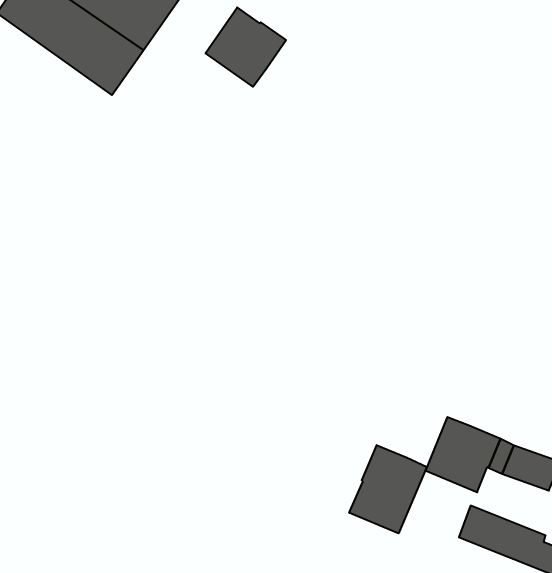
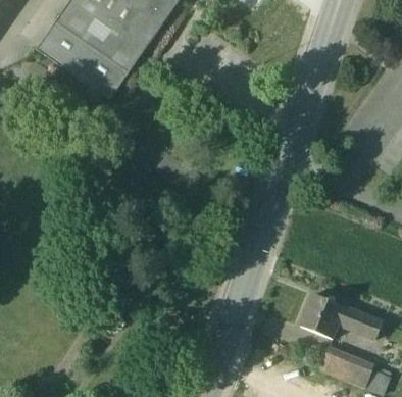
building: [206,7,286,87] -> none
building: [349,445,427,533] -> none

